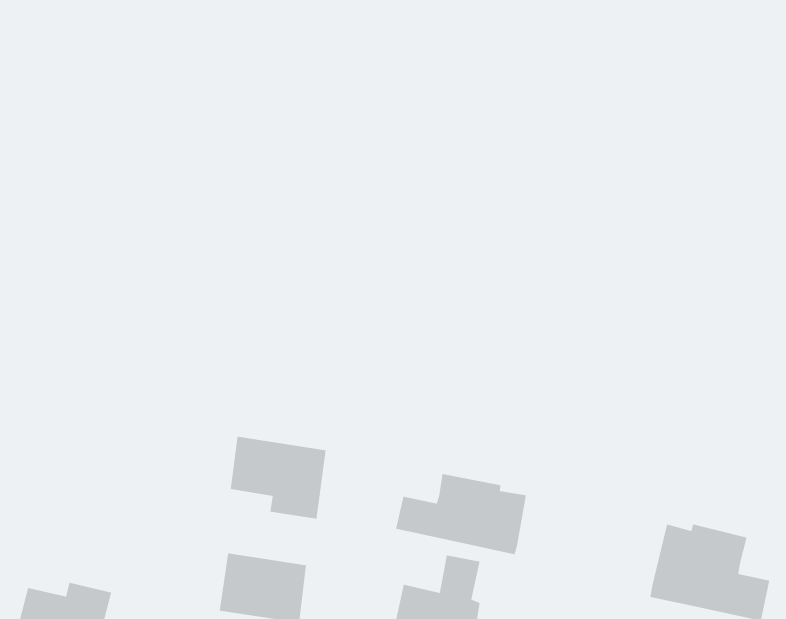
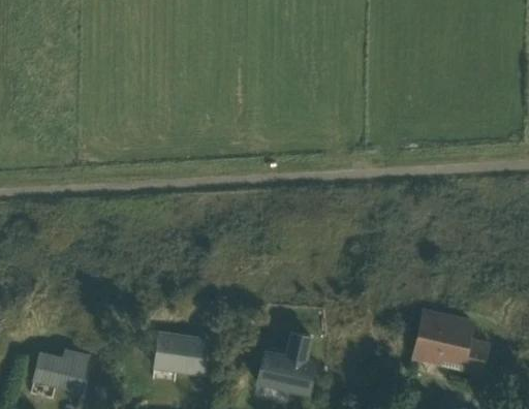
building: [230,436,327,519] -> none
building: [395,473,527,555] -> none

